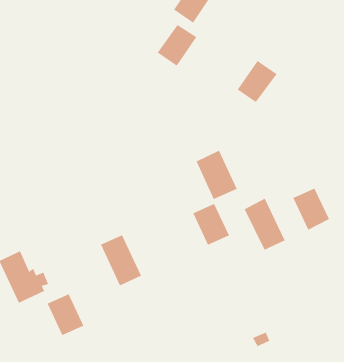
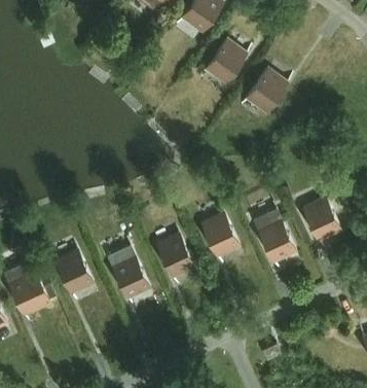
building: [157,24,197,67] -> [205,39,246,82]
building: [196,150,238,200] -> none
building: none -> [156,234,194,277]
building: [47,293,84,336] -> [54,250,93,293]

